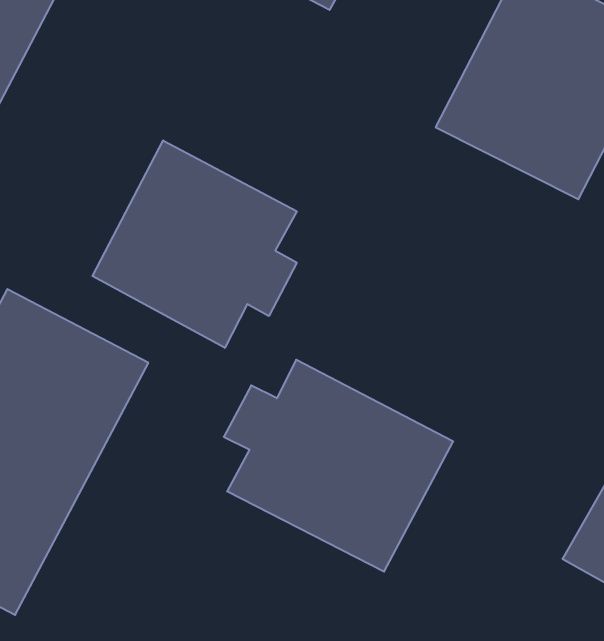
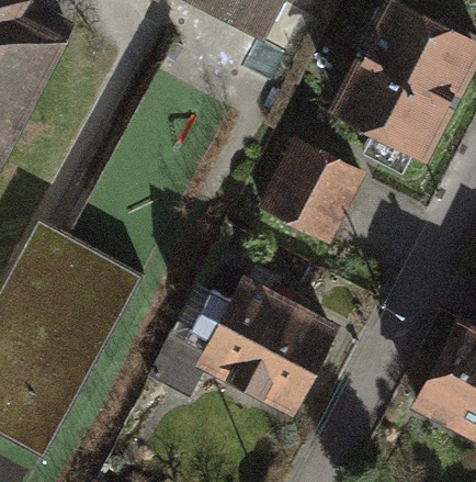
building: [92,140,297,348] -> none
building: none -> [257,136,363,239]

